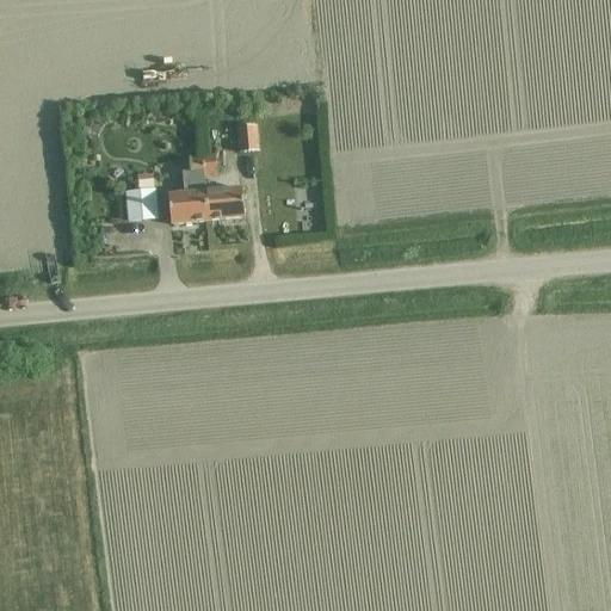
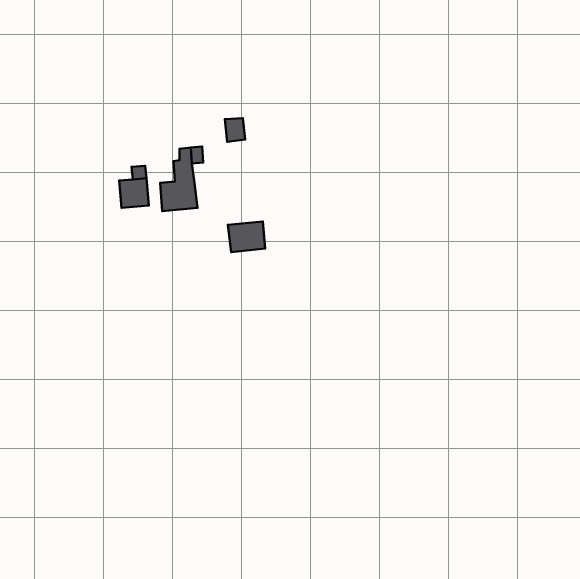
building: [204,186,243,218] -> [228,221,265,252]

